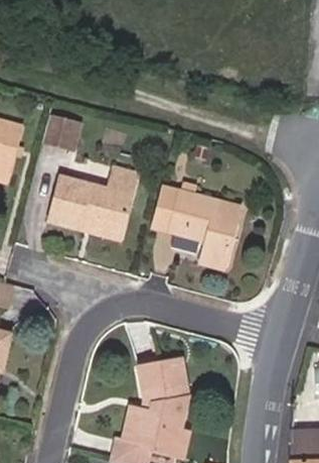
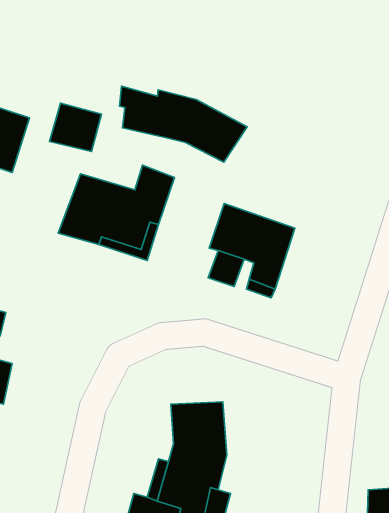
building: none -> [119,86,247,162]
building: [152,192,183,234] -> none

